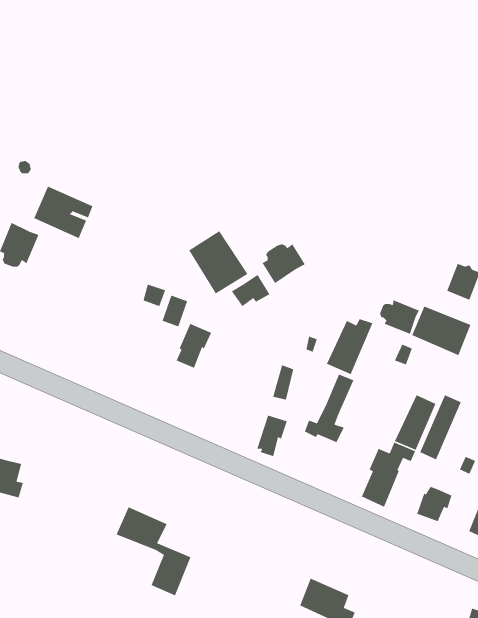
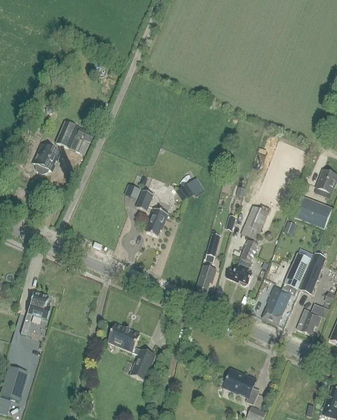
building: [188,230,249,294] -> none
building: [262,243,306,284] -> none
building: [379,299,420,335] -> none

